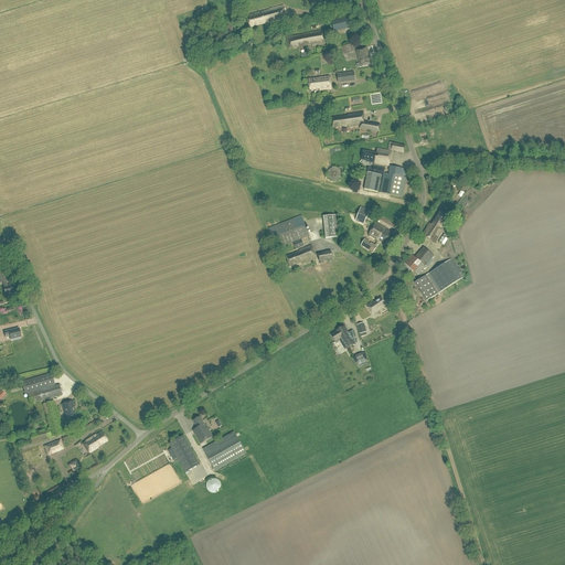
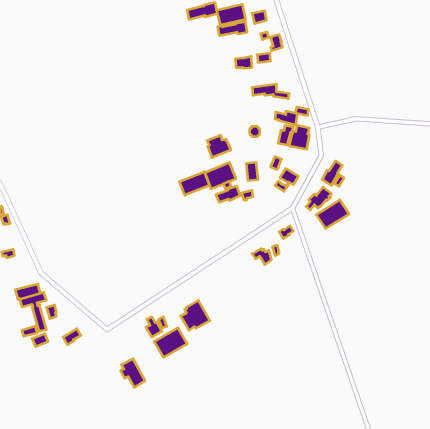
building: none -> [217,4,246,25]
building: none -> [207,135,231,158]
building: none -> [179,172,210,195]
building: none -> [181,300,210,330]
building: [167,434,199,471] -> [121,359,145,387]

